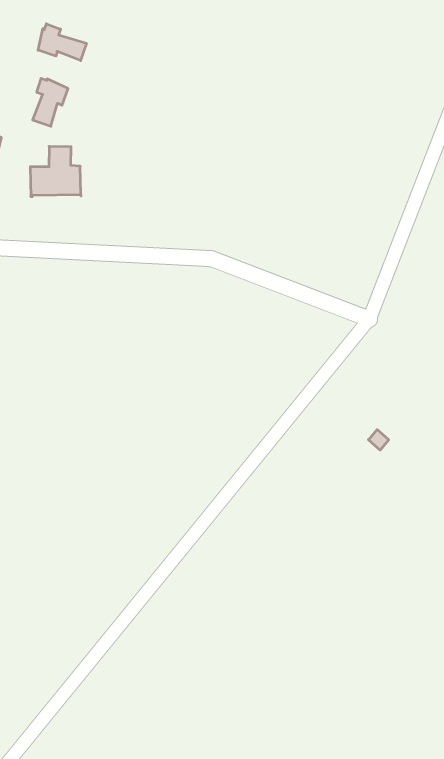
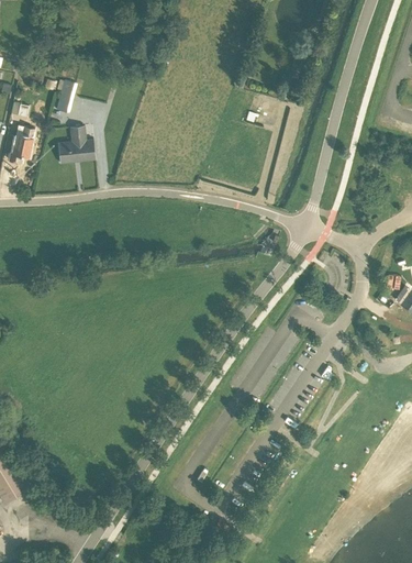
building: [38,24,86,61] -> none

